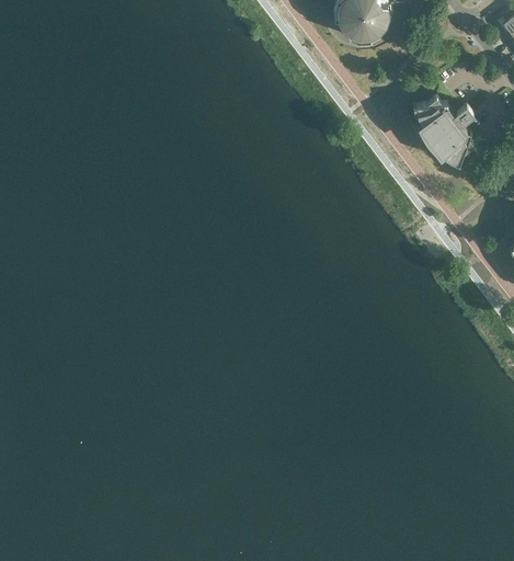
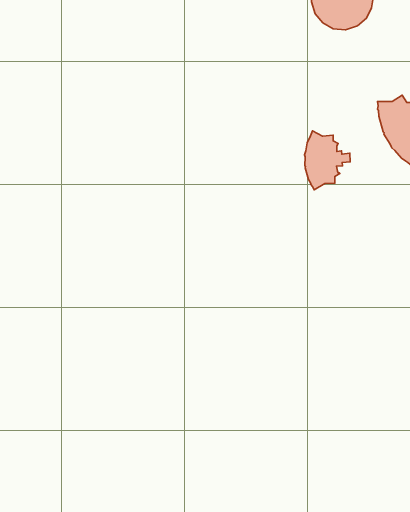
building: none -> [305,131,350,190]

